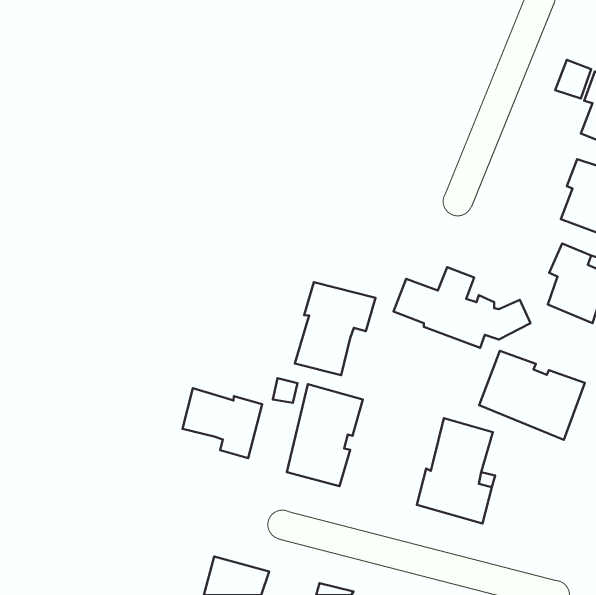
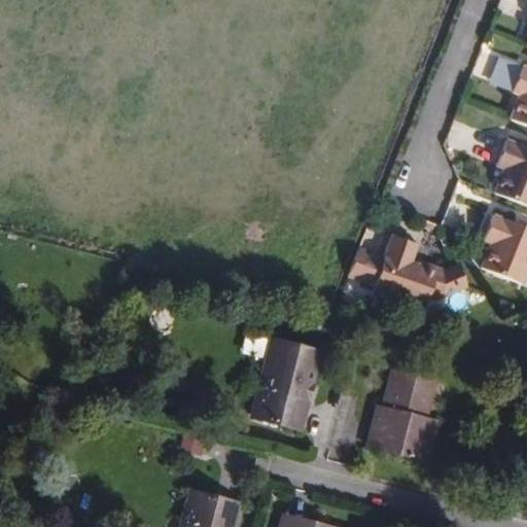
building: [295,282,375,375] -> none
building: [479,351,585,440] -> none
building: [183,388,262,458] -> none

